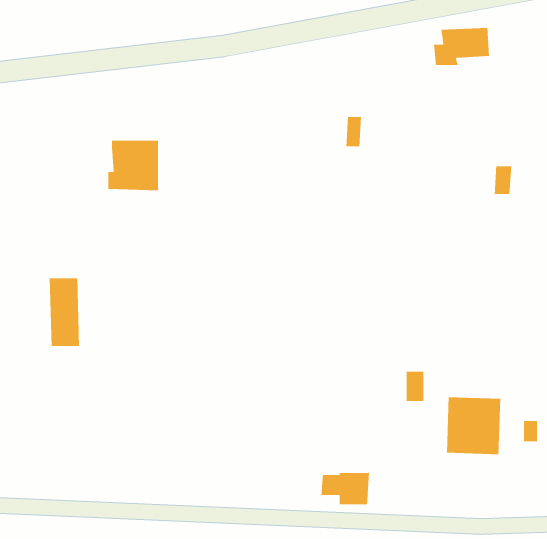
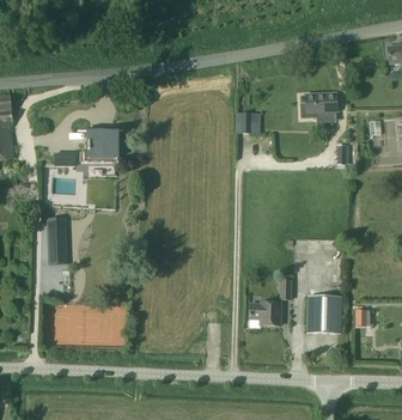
building: [433,27,490,66] -> [300,92,337,117]
building: [320,472,370,505] -> [249,303,281,324]

